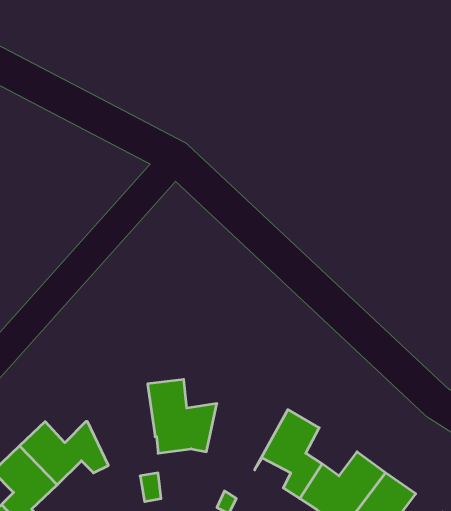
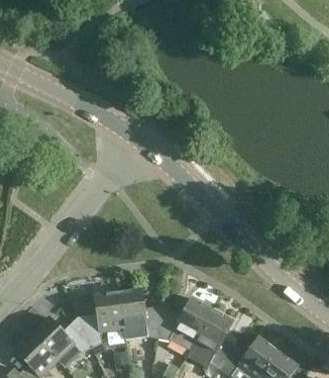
building: none -> [78,292,123,347]
building: none -> [157,298,212,350]

